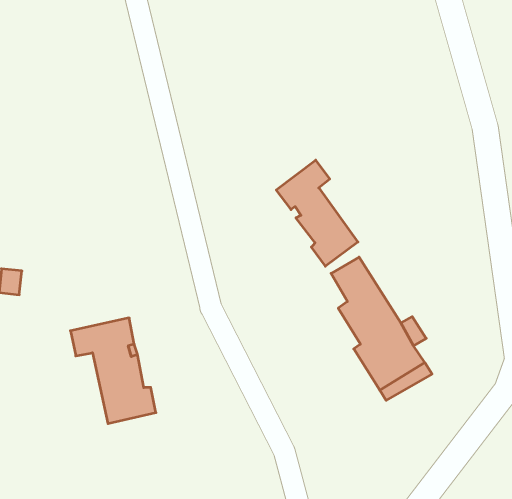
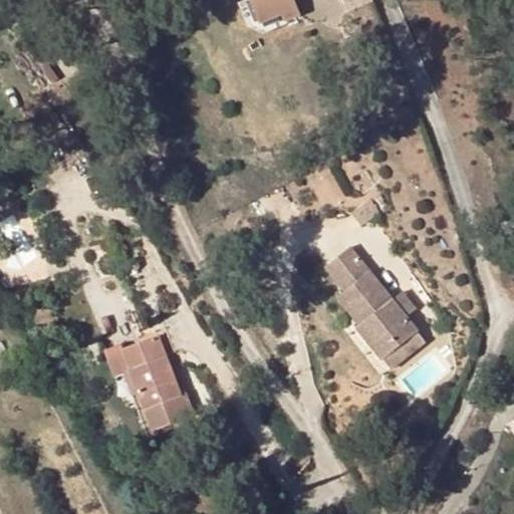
building: [276,160,358,266] -> none

